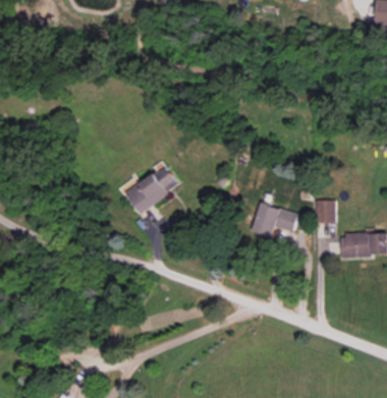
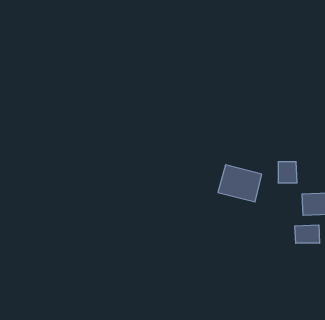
building: [124,165,179,212] -> none
building: none -> [295,225,320,243]

